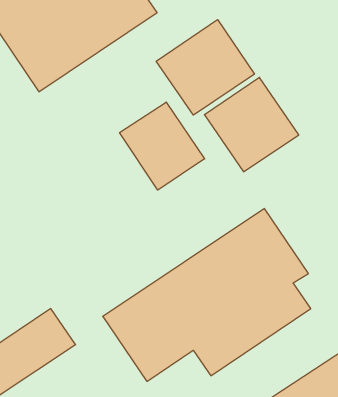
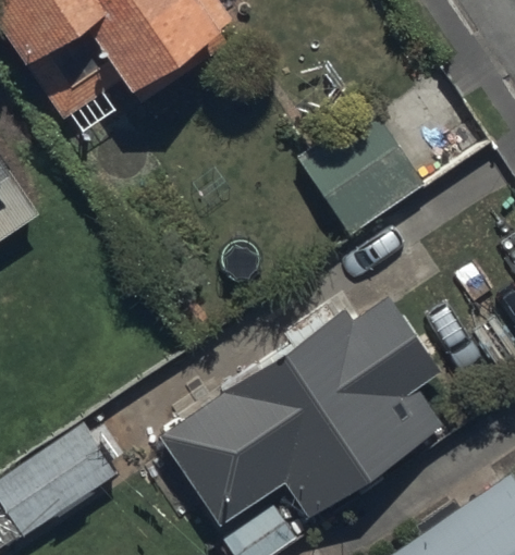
building: [156,20,254,115] -> none
building: [120,102,205,190] -> none

